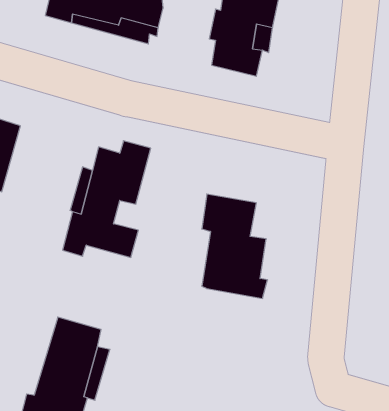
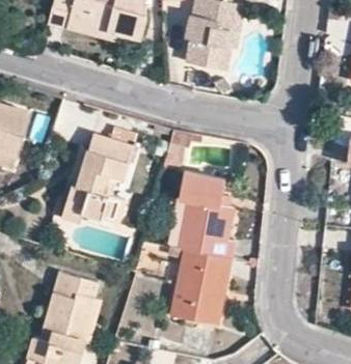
building: none -> [171,249,230,324]

